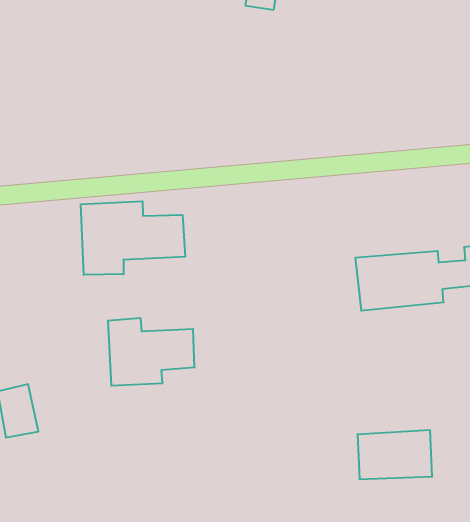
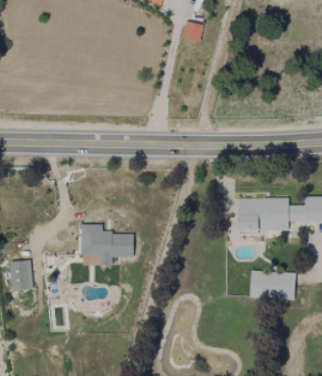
building: [81,201,185,275] -> none
building: [357,430,432,479] -> [249,271,295,300]

